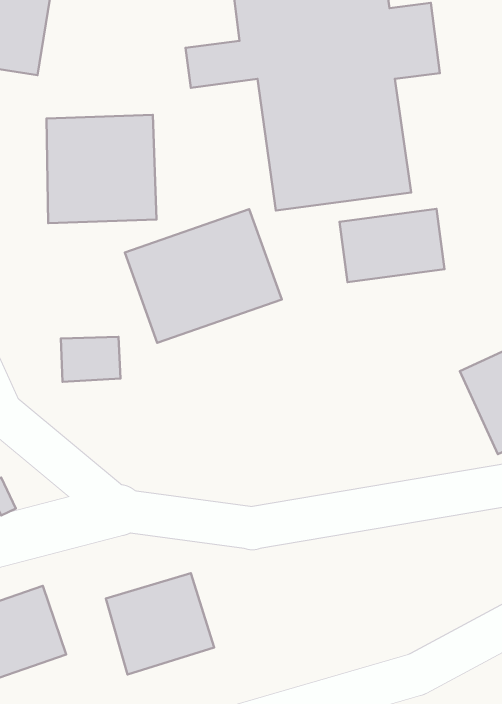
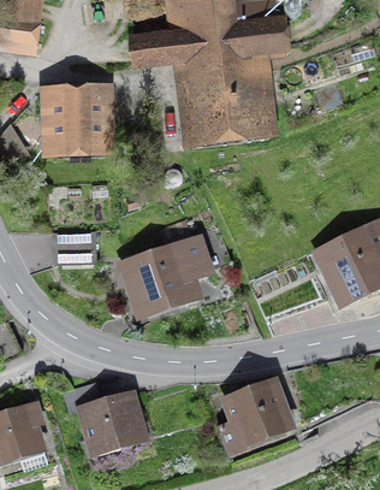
building: [339,209,445,282] -> none
building: [125,209,282,343] -> [114,232,219,321]
building: none -> [220,374,298,449]

